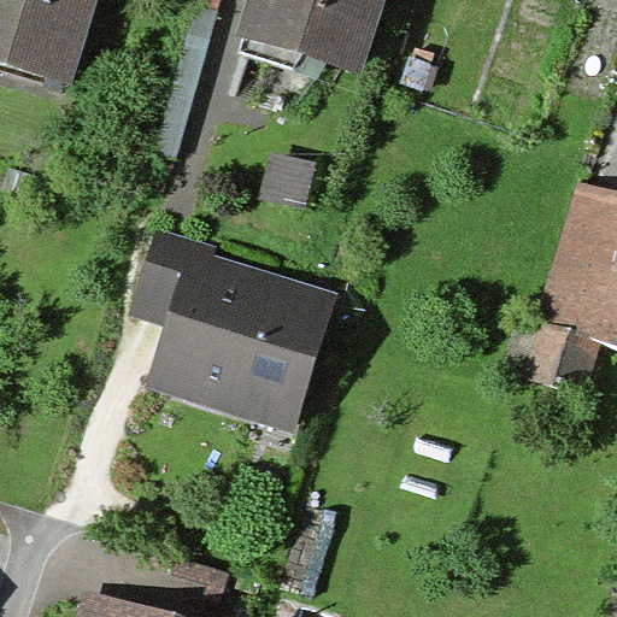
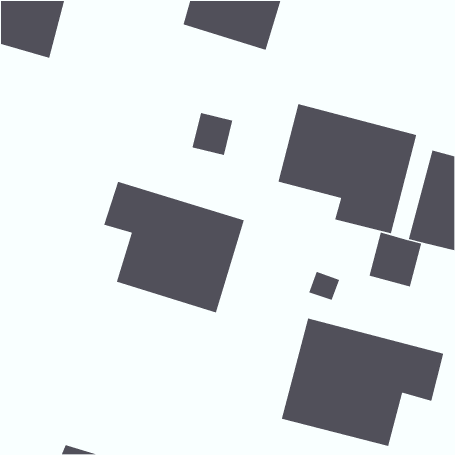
building: none -> [277,103,417,234]
building: none -> [281,318,444,447]

